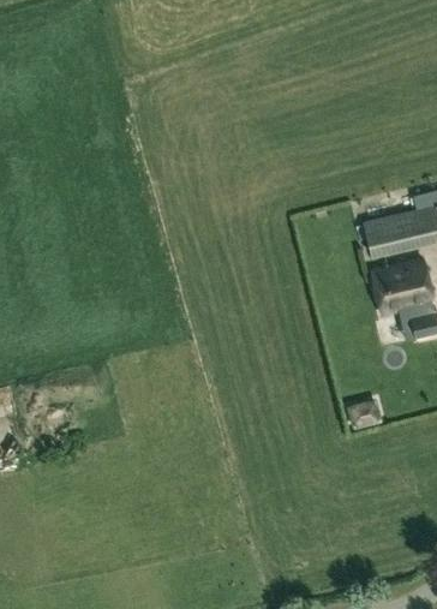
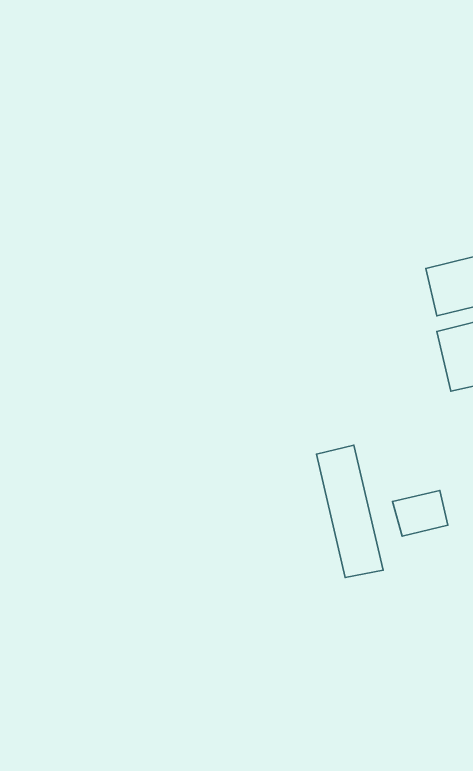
building: none -> [317,445,383,578]

